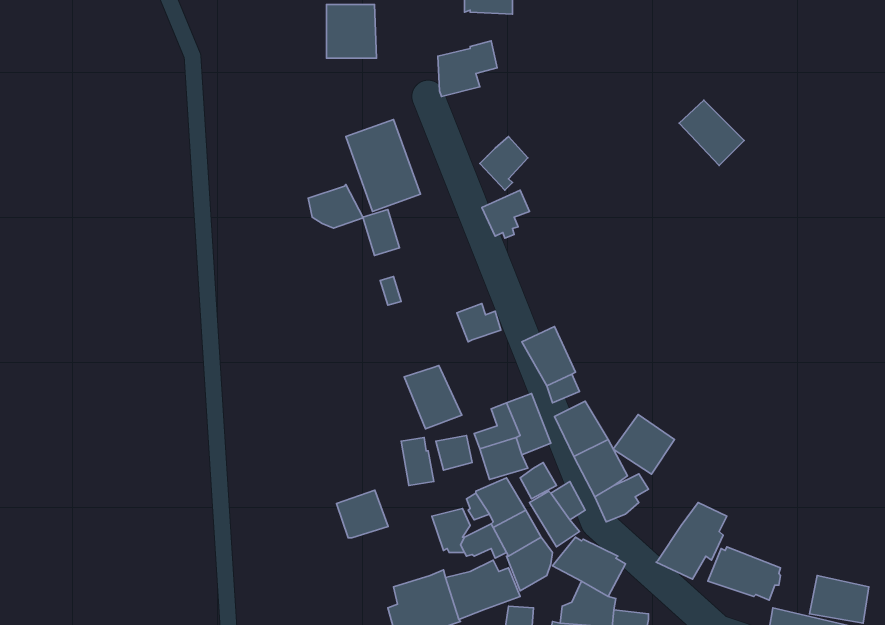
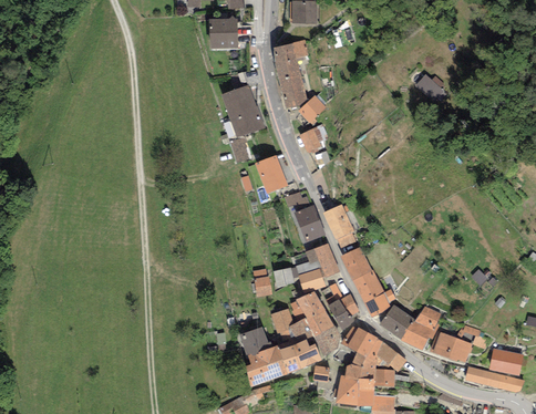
building: none -> [276,65,307,108]
building: [308,185,363,228] -> none
building: none -> [255,155,287,193]
building: [404,365,462,429] -> [293,205,327,241]
building: [613,415,675,474] -> [379,304,414,339]
building: [337,490,388,538] -> [239,327,269,354]
building: none -> [372,341,406,371]

